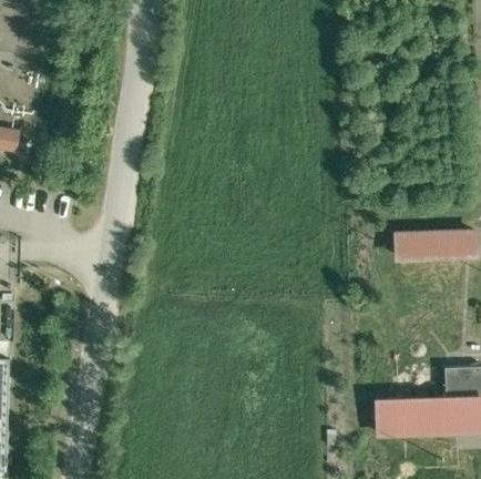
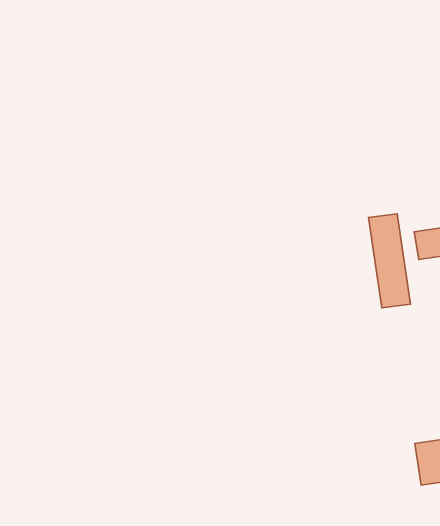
building: none -> [369,214,410,308]

